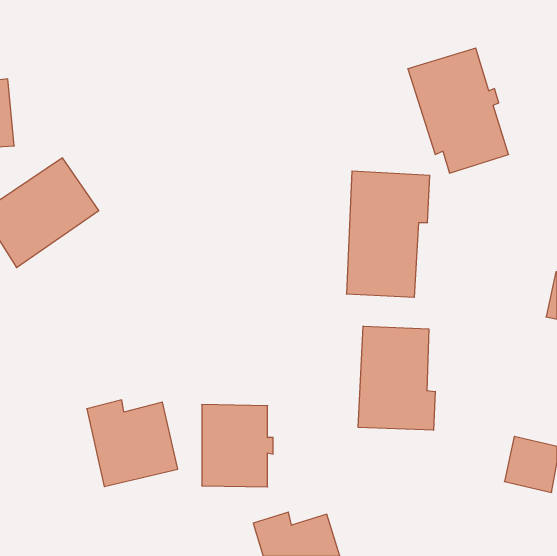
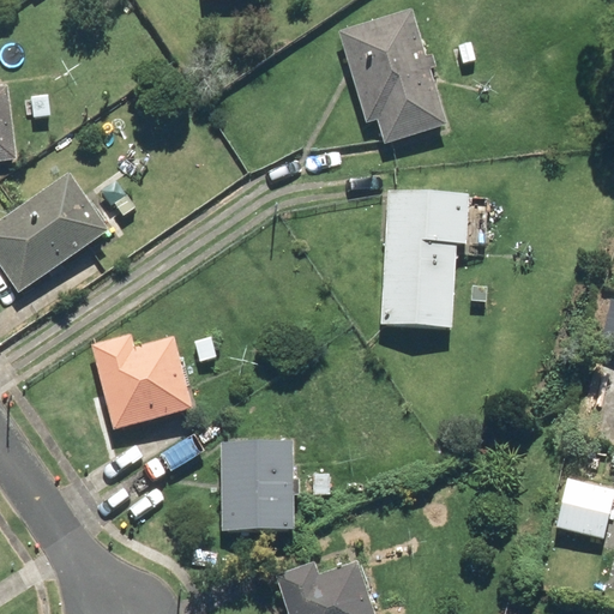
building: [408,48,509,173] -> [336,6,446,143]
building: [358,326,435,430] -> none
building: [87,400,178,487] -> [94,333,193,428]

